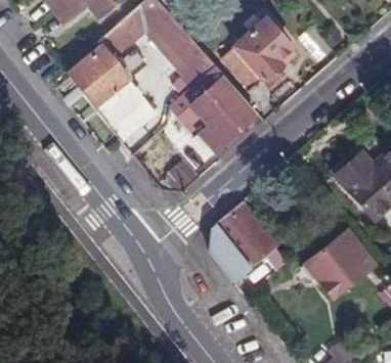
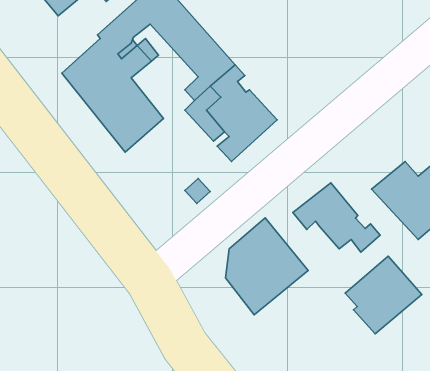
building: [224,21,296,91] -> none
building: none -> [293,183,380,252]

